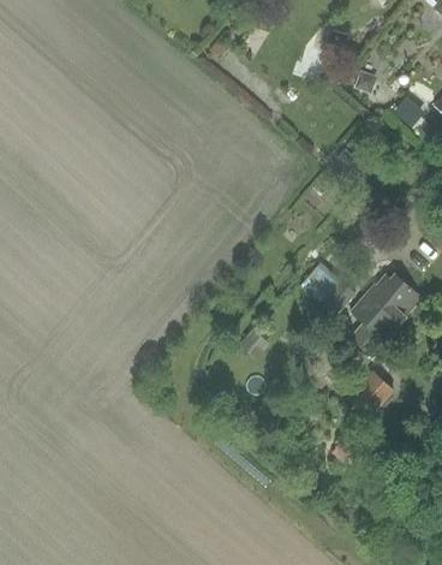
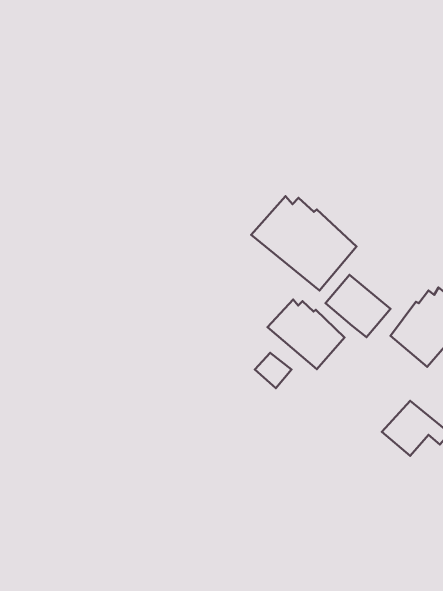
building: none -> [251,196,356,291]
building: none -> [268,300,344,369]

